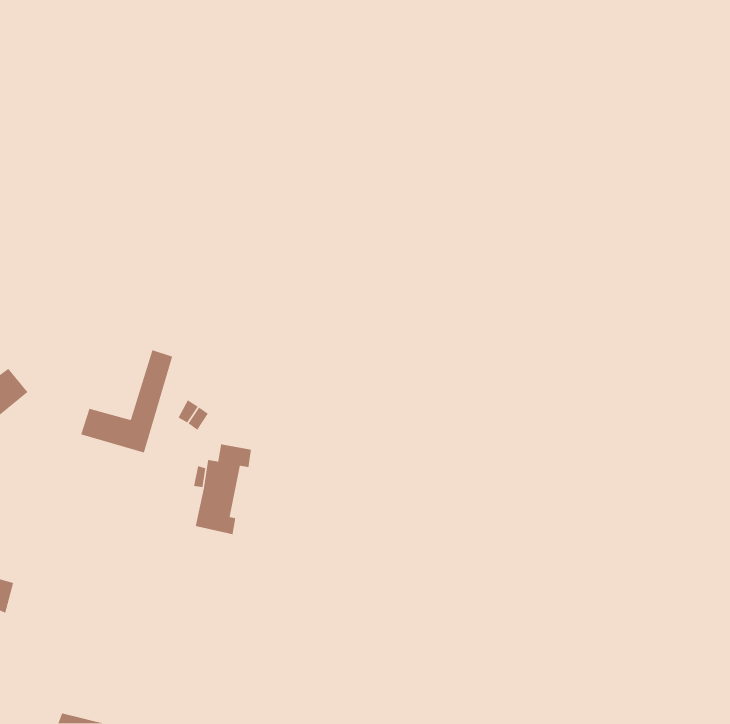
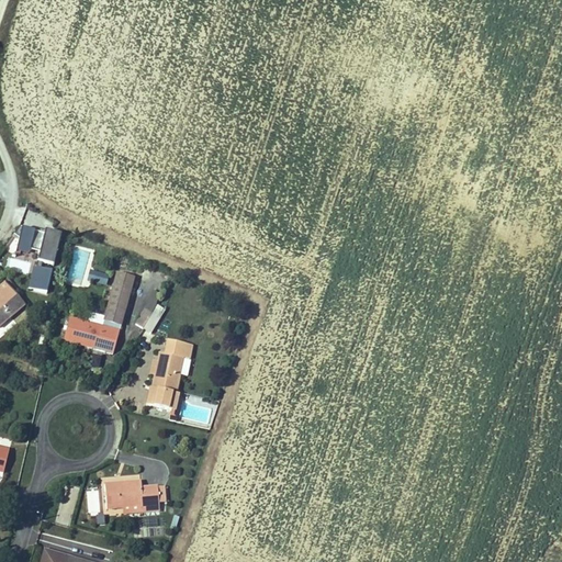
building: none -> [14,223,60,290]
building: none -> [105,482,160,513]

